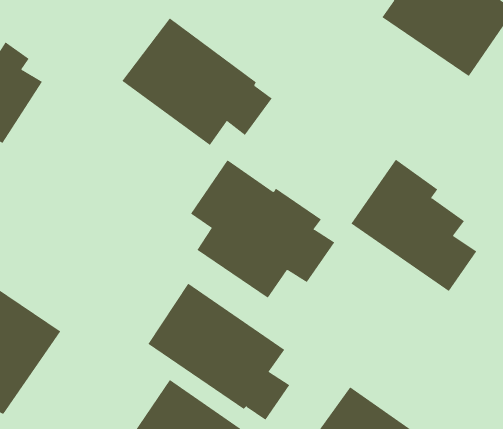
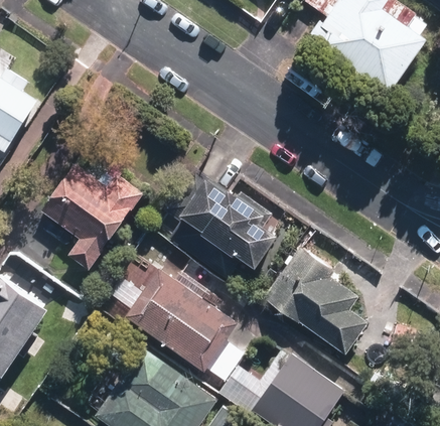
building: [122,18,273,146] -> none
building: none -> [40,162,143,269]
building: [350,159,477,292] -> [263,244,368,353]

